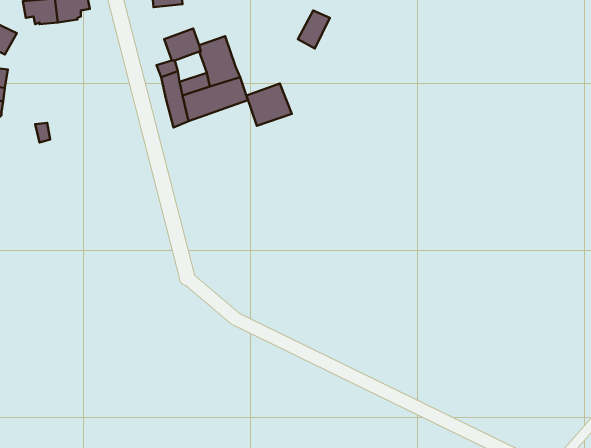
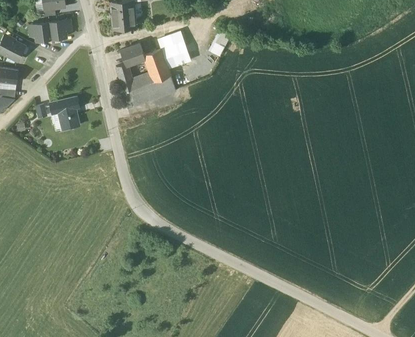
building: [246,83,292,126] -> [161,40,191,68]
building: none -> [50,97,79,129]

